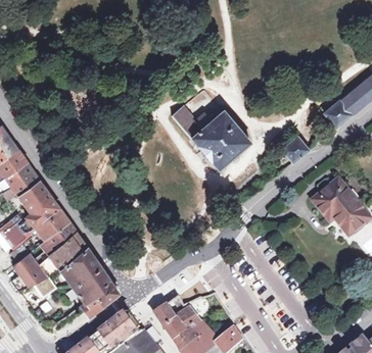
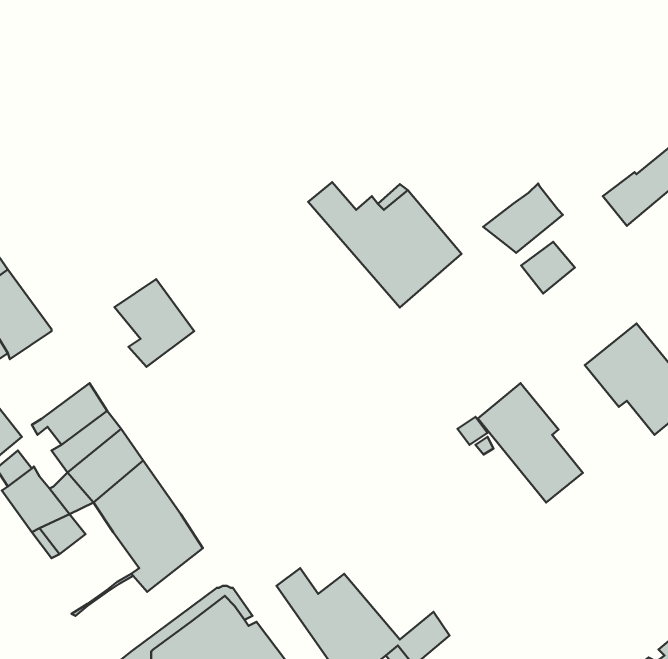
building: none -> [483,184,563,253]
building: [18,183,59,228] -> [114,279,194,367]
building: none -> [478,383,583,503]

